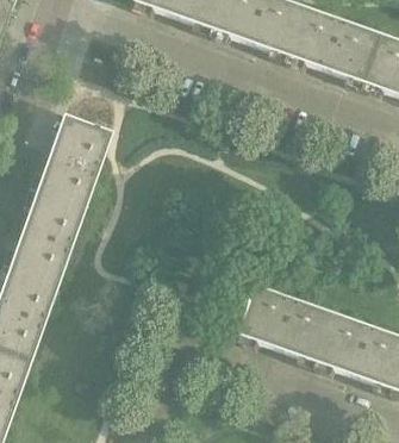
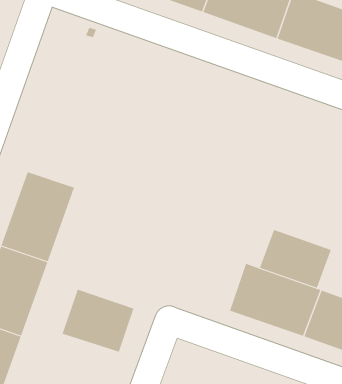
building: [37,114,112,207] -> none
building: none -> [259,229,332,289]
building: none -> [62,289,134,353]

